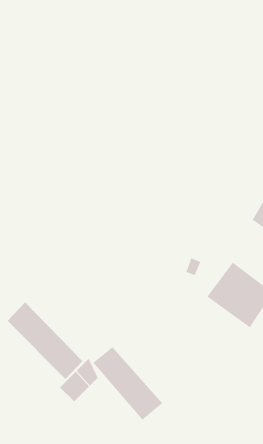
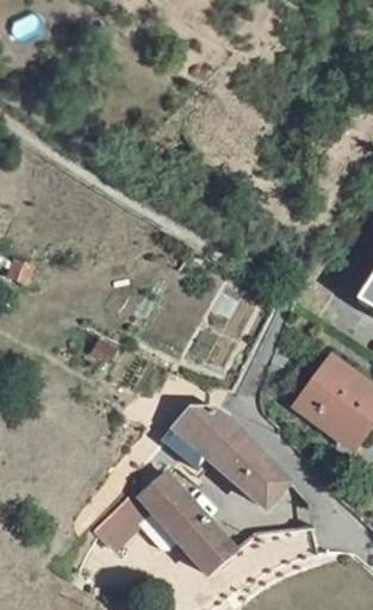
building: none -> [172,405,287,506]
building: [7,302,83,380] -> none

